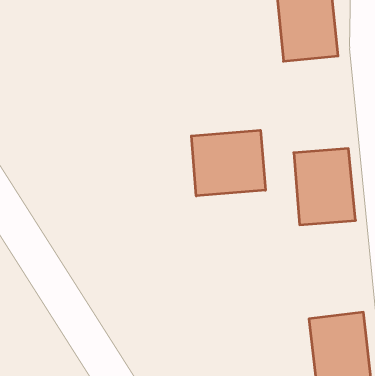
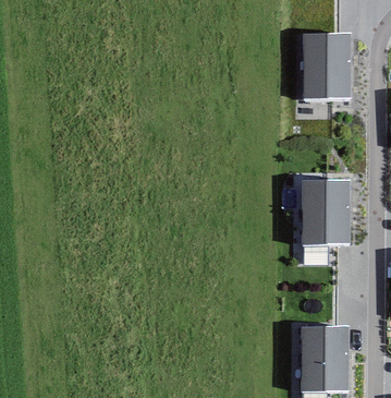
building: [191,130,265,196] -> none

